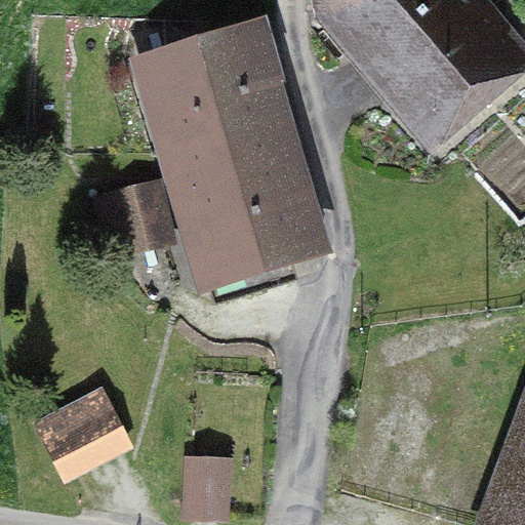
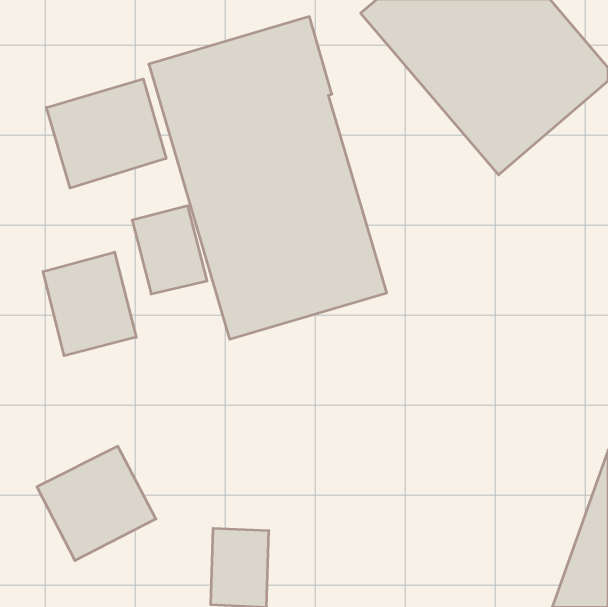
building: none -> [46,79,166,188]
building: none -> [43,252,136,356]

